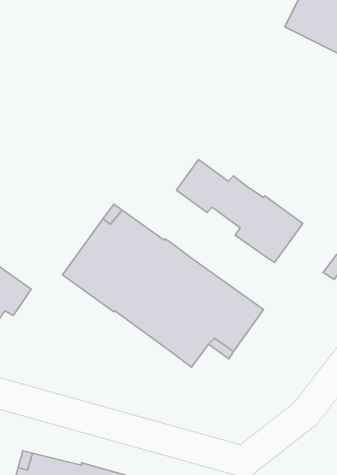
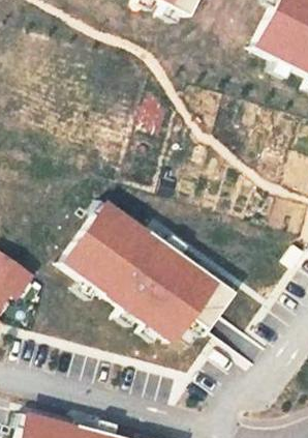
building: [177,160,303,263] -> none

